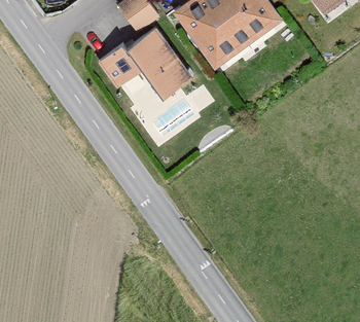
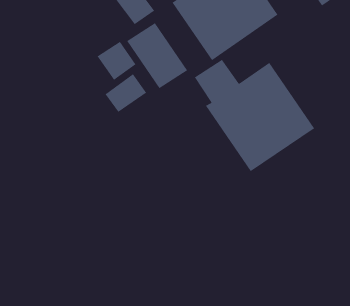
building: none -> [194,59,315,172]
building: none -> [105,73,147,113]

